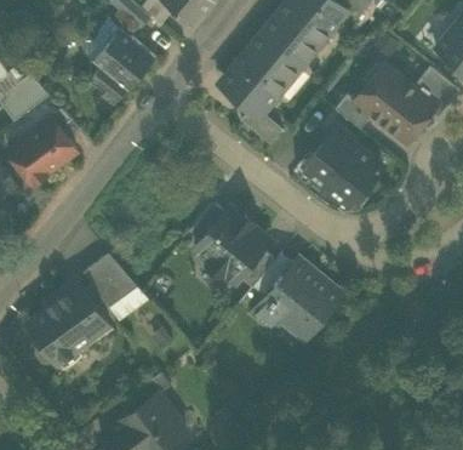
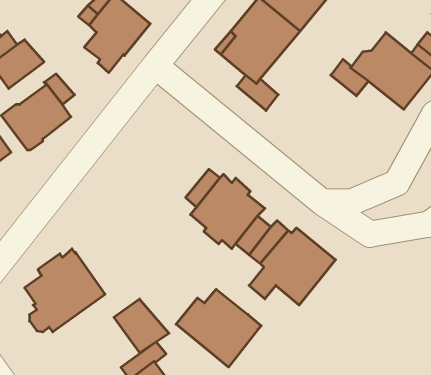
building: [303,129,382,206] -> none
building: [84,254,138,307] -> [114,299,169,353]
building: none -> [176,289,261,367]

